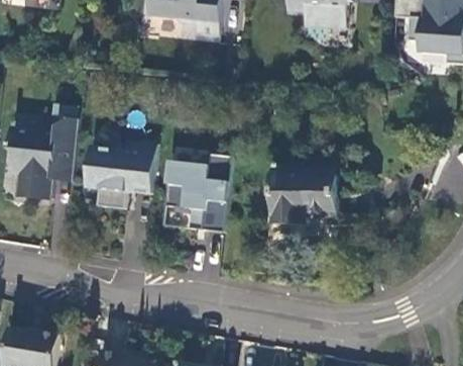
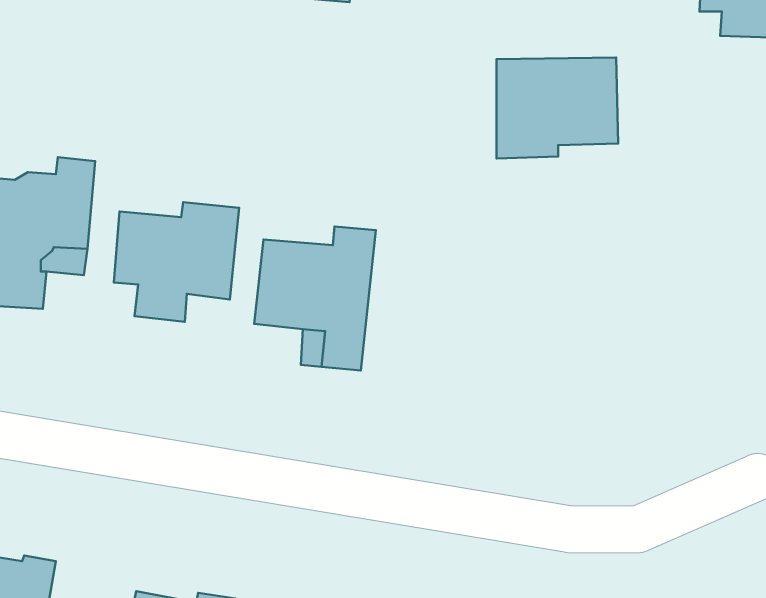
building: [270,170,336,224] -> [496,57,618,158]

